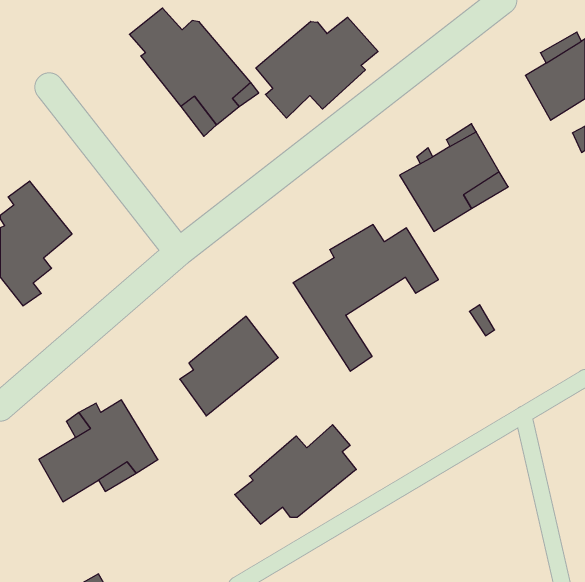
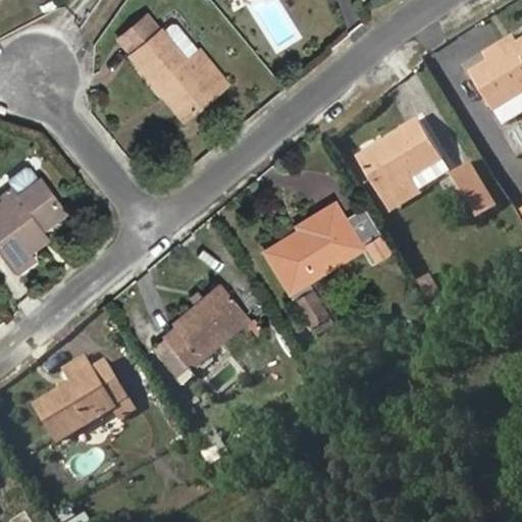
building: [256,17,378,118] -> none
building: none -> [454,162,498,217]
building: [235,425,356,524] -> none

